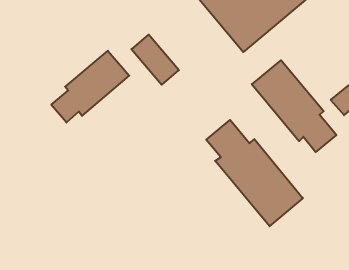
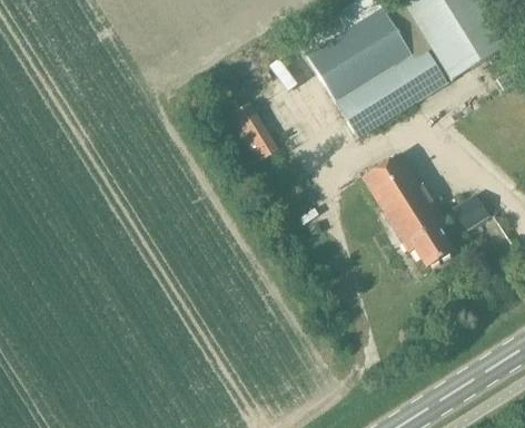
building: [51,51,129,123] -> none
building: [206,120,303,226] -> none

